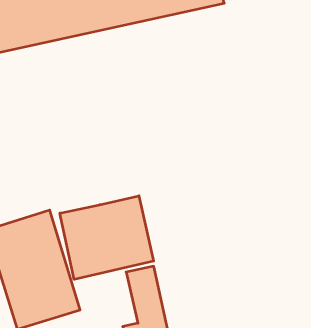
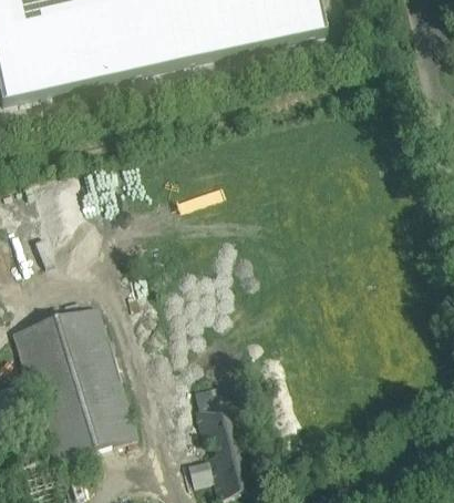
building: [60,196,154,279] -> none

